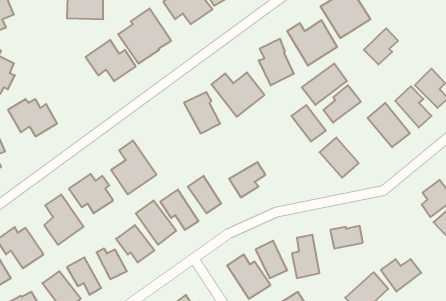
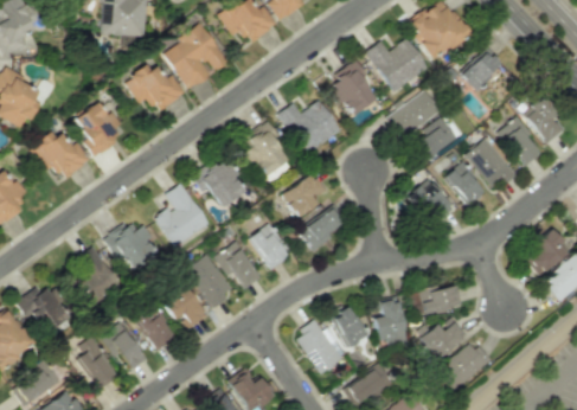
building: none -> [76,101,123,156]
building: [291,105,326,142] -> [444,162,486,206]
building: none -> [195,155,246,206]
building: none -> [282,172,326,217]
building: [381,259,421,292] -> [418,320,467,359]

